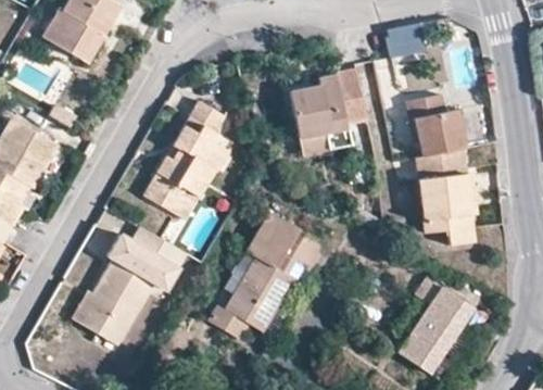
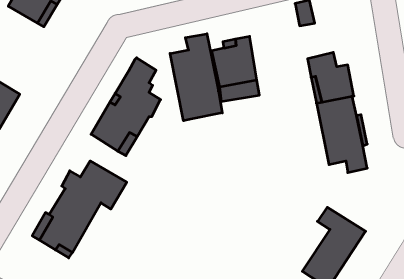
building: [337,71,366,116] -> none
building: none -> [170,34,222,121]
building: [224,211,325,330] -> none

